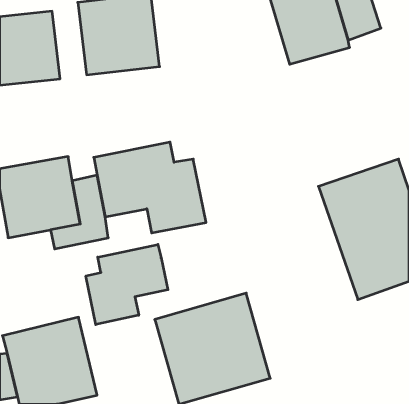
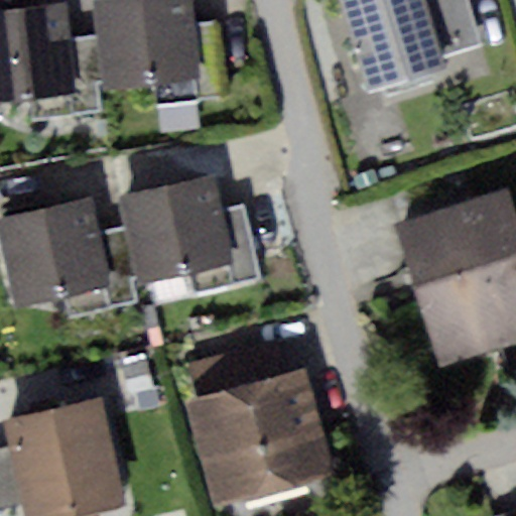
building: [86,244,168,325] -> none

